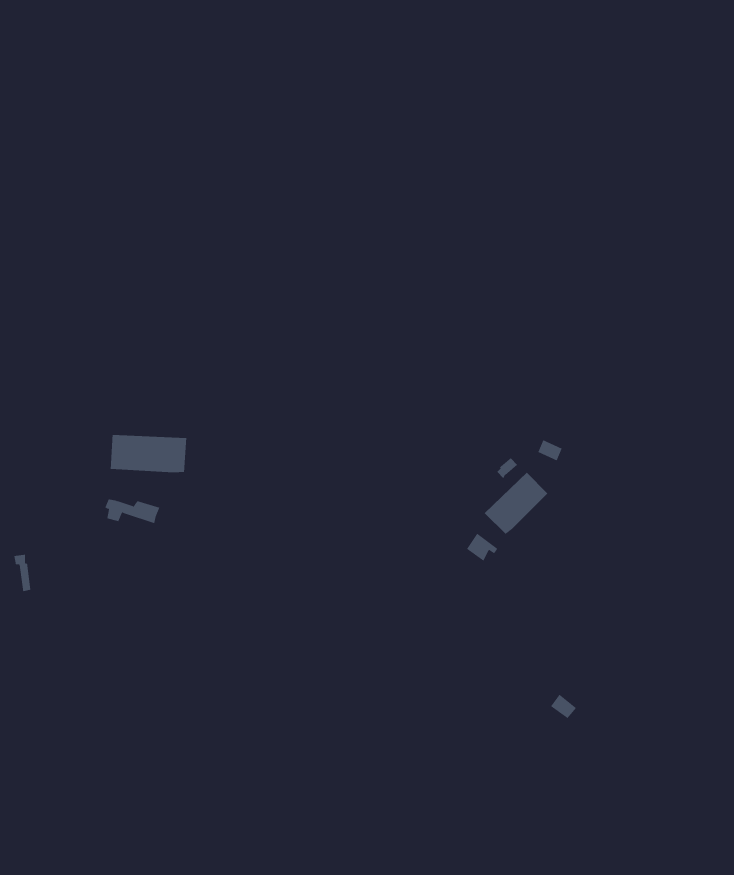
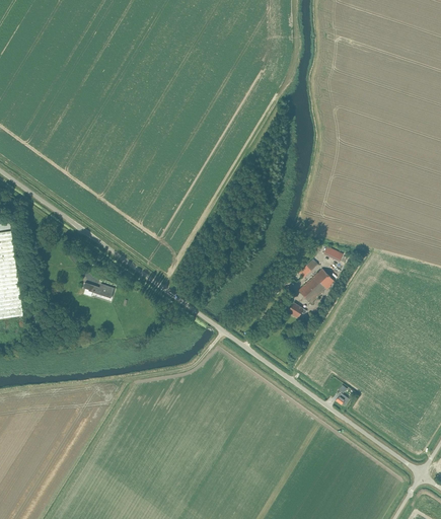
building: [110,434,187,473] -> none

